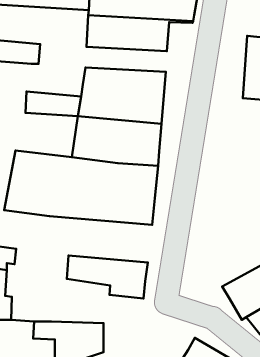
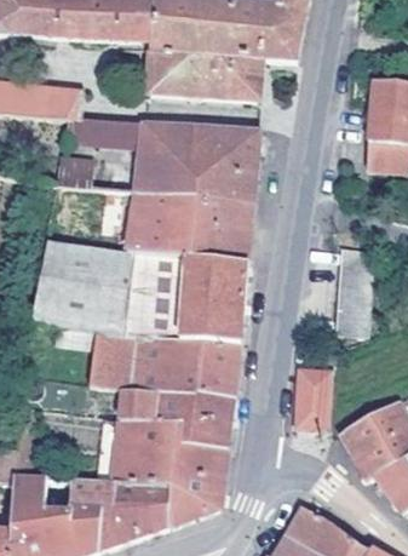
building: none -> [68,117,145,147]
building: none -> [335,245,373,334]
building: none -> [88,333,240,399]
building: none -> [293,365,333,430]
building: none -> [97,419,228,526]

